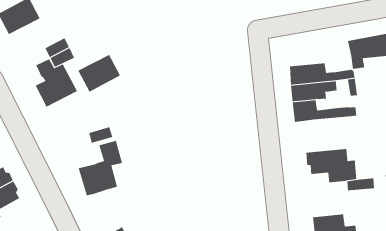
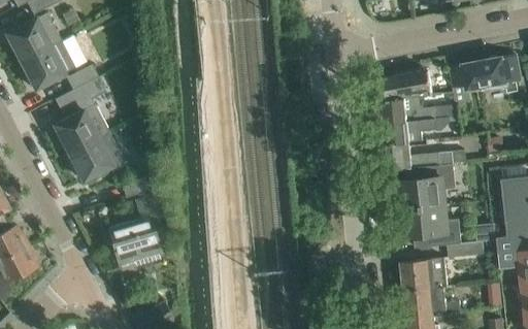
building: none -> [21,39,75,88]
building: none -> [373,67,433,99]
building: [78,54,121,93] -> [68,131,123,179]
building: none -> [394,163,456,208]
building: none -> [401,257,448,290]

